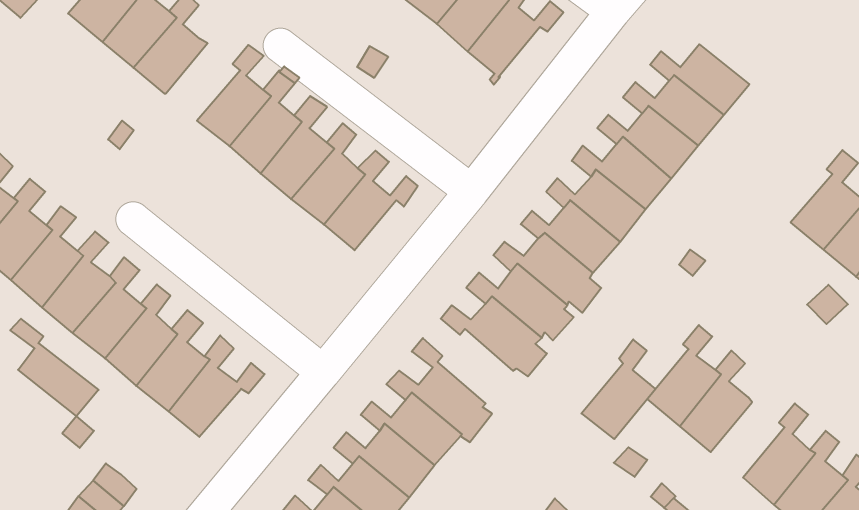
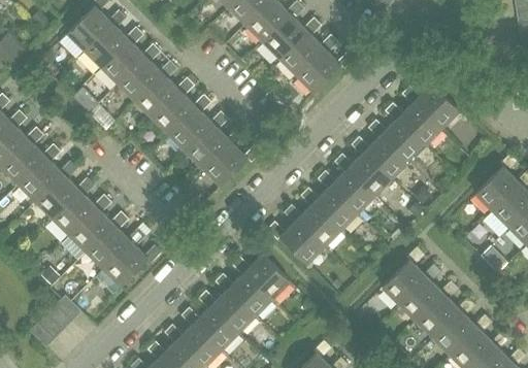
building: none -> [111,44,163,103]
building: [10,319,99,416] -> none
building: [581,339,656,439] -> [416,282,460,339]

